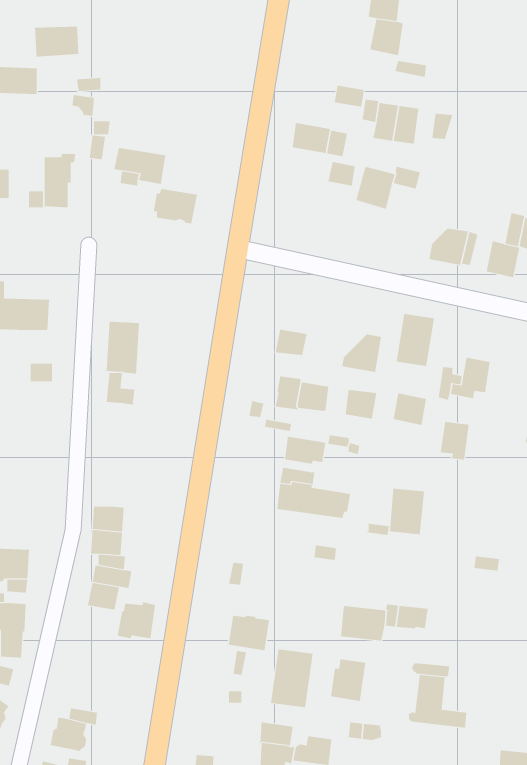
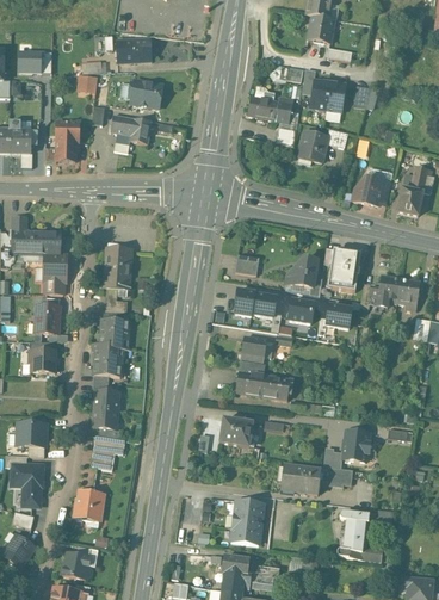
building: [34,26,79,57] -> [116,38,150,62]
building: [153,188,198,224] -> [128,80,162,107]
building: none -> [43,255,67,280]
building: none -> [35,304,60,334]
building: none -> [93,317,131,377]
building: [440,421,469,460] -> [396,279,419,309]
building: none -> [29,350,55,372]
building: [389,488,425,535] -> [341,426,369,462]
building: [117,602,156,639] -> [73,490,103,519]
building: [228,615,270,651] -> [220,419,252,446]
building: [331,658,366,702] -> none

